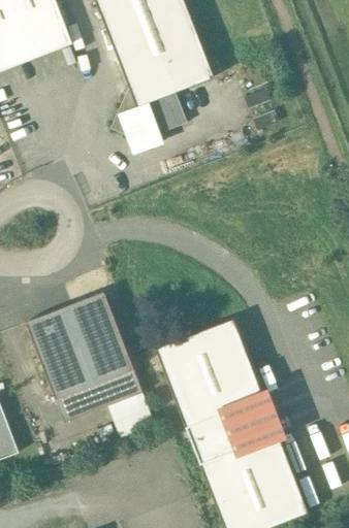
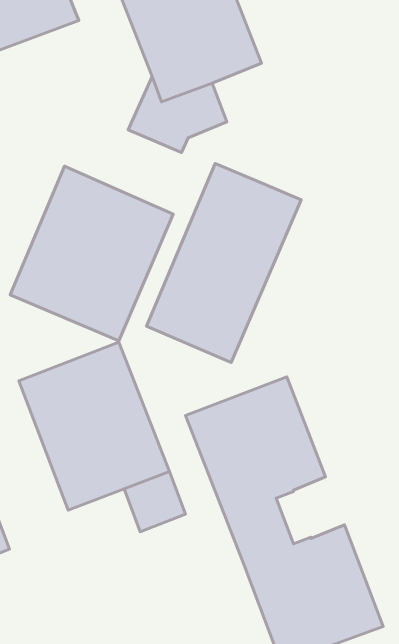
building: none -> [146,164,301,363]
building: none -> [10,166,173,341]
building: [226,396,279,448] -> none

